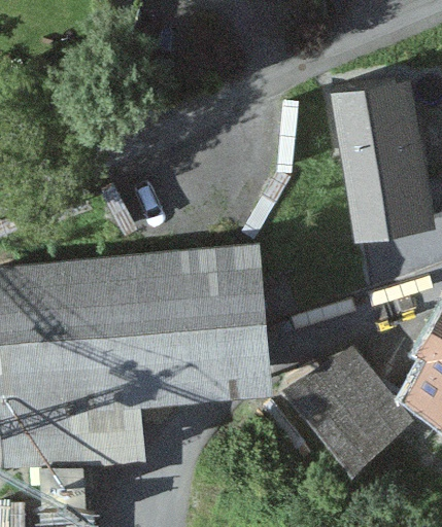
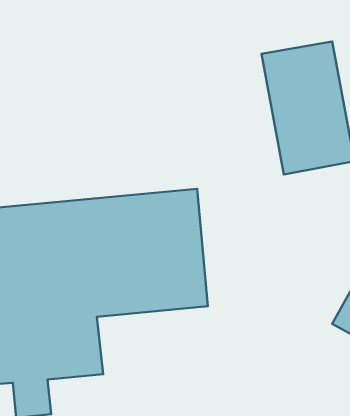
building: [292,352,409,476] -> none

